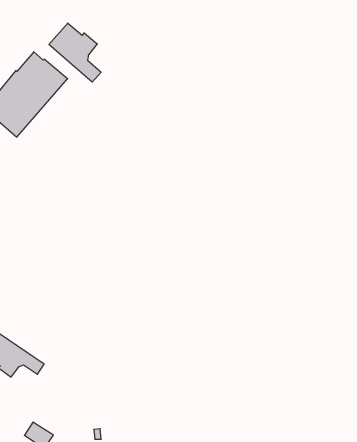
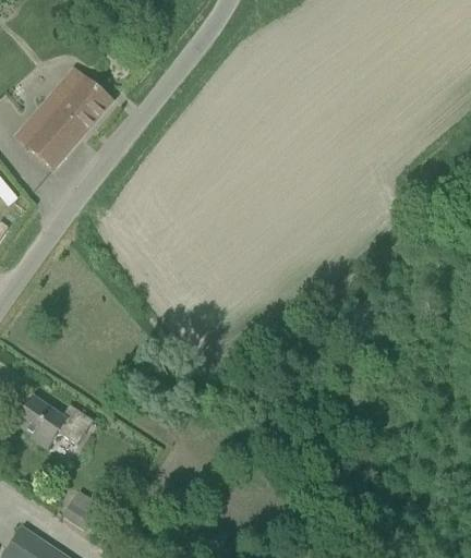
building: [49,23,101,82] -> none

